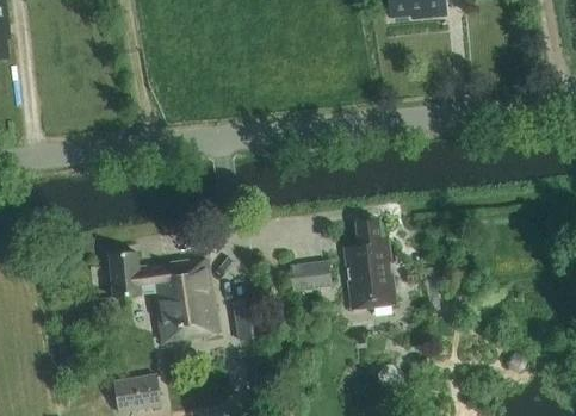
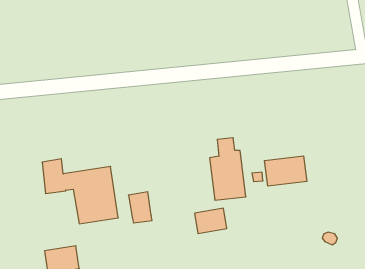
building: none -> [264,156,307,186]
building: [286,257,332,293] -> [195,208,227,234]

